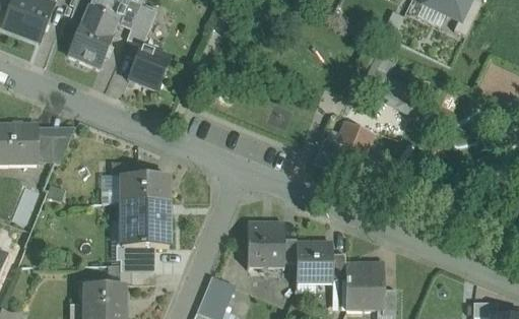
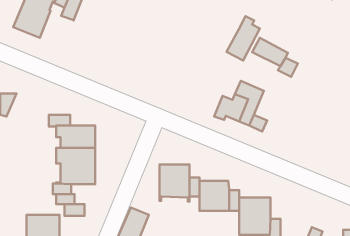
building: none -> [227,16,260,61]
building: [127,45,170,90] -> none

